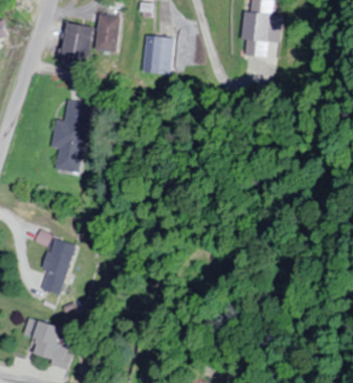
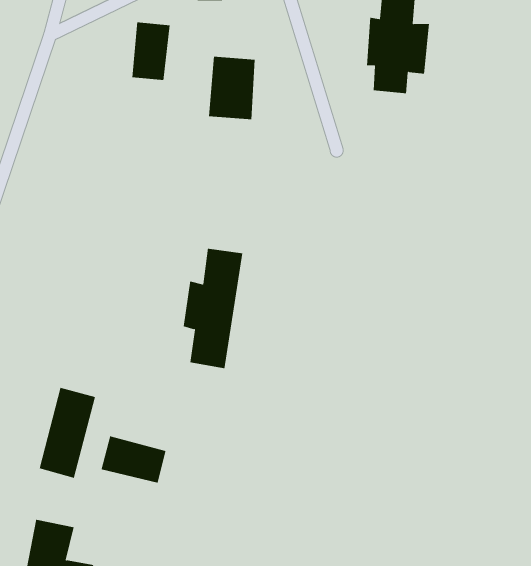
building: [60,22,92,63] -> none
building: [51,100,89,174] -> [183,248,243,369]
building: none -> [101,436,166,483]

